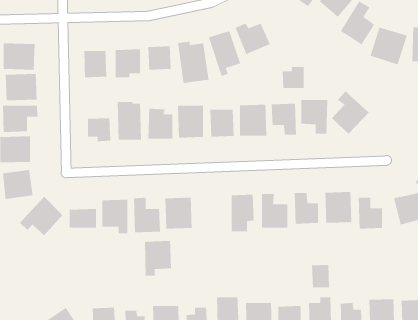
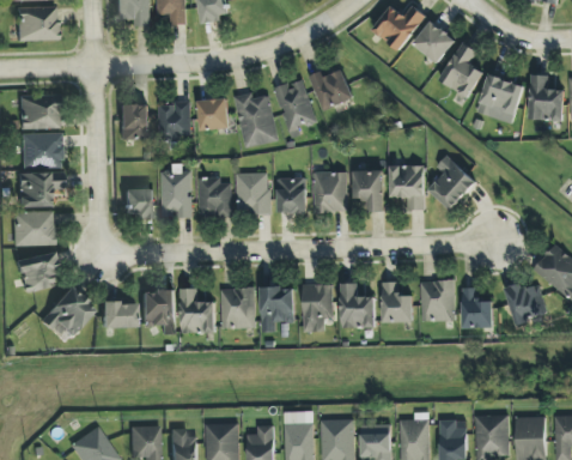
building: [282,66,304,89] -> none
building: [144,240,172,277] -> [261,286,296,332]
building: [311,264,330,288] -> none

